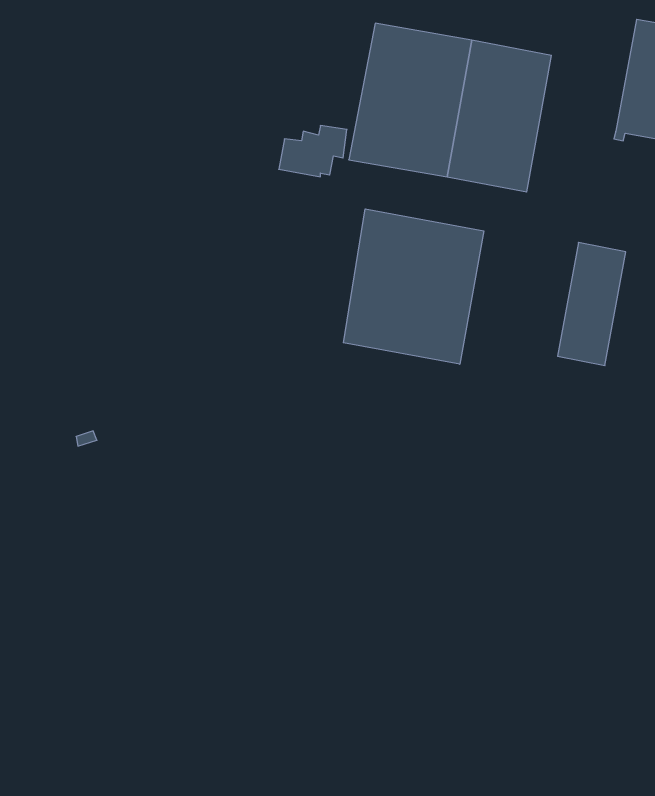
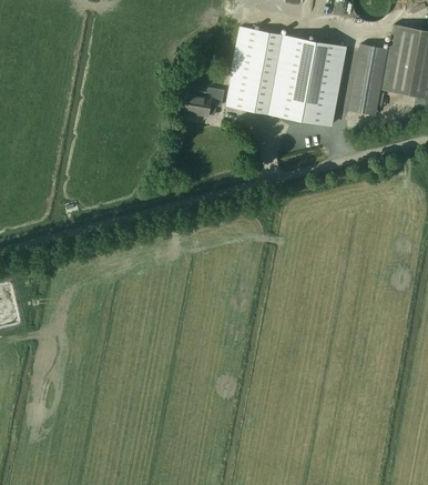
building: [343,209,484,364] -> none
building: [558,242,626,366] -> [348,44,388,117]

